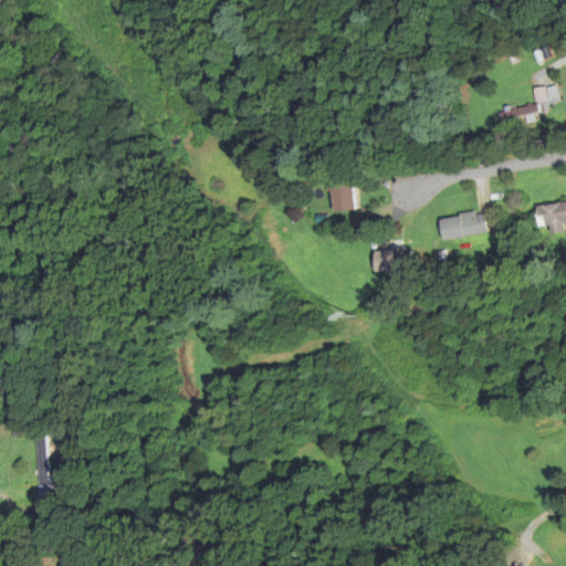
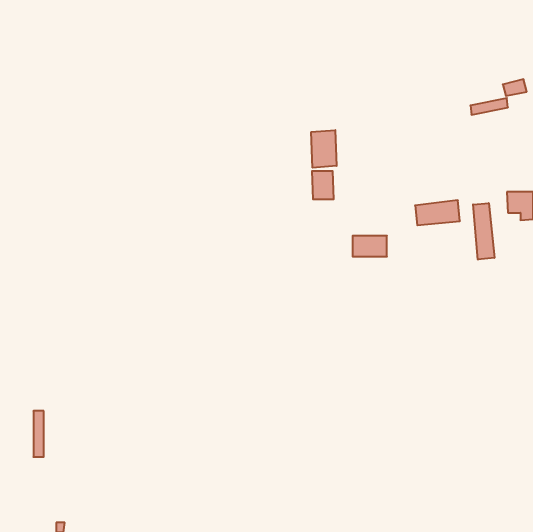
building: none -> [311,130,337,168]
building: none -> [473,203,494,260]

